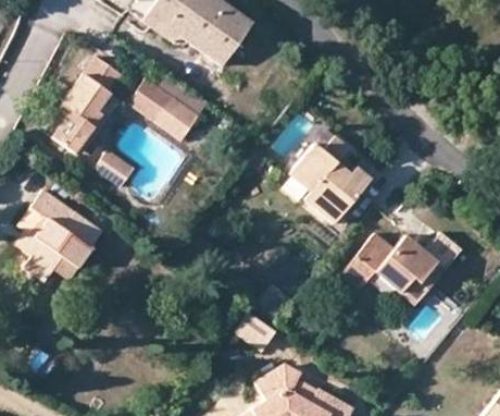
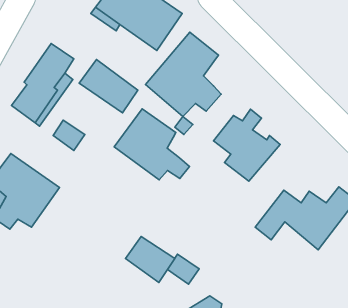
building: none -> [145,32,221,116]
building: none -> [114,109,189,180]
building: none -> [125,236,175,283]

